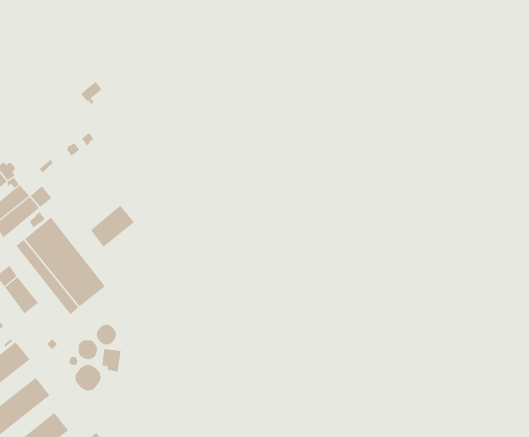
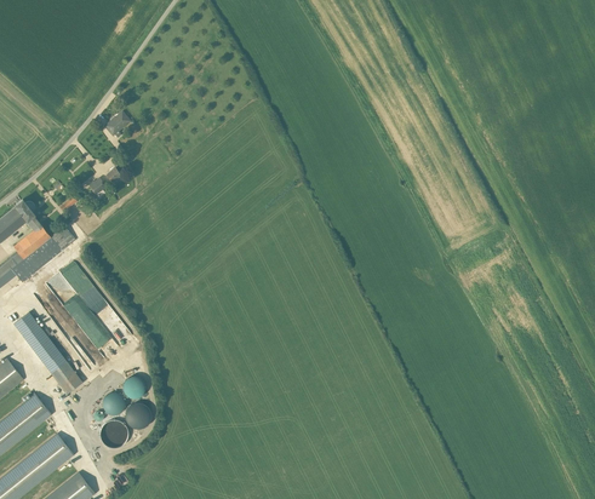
building: [90,205,135,247] -> none
building: none -> [44,352,81,394]

